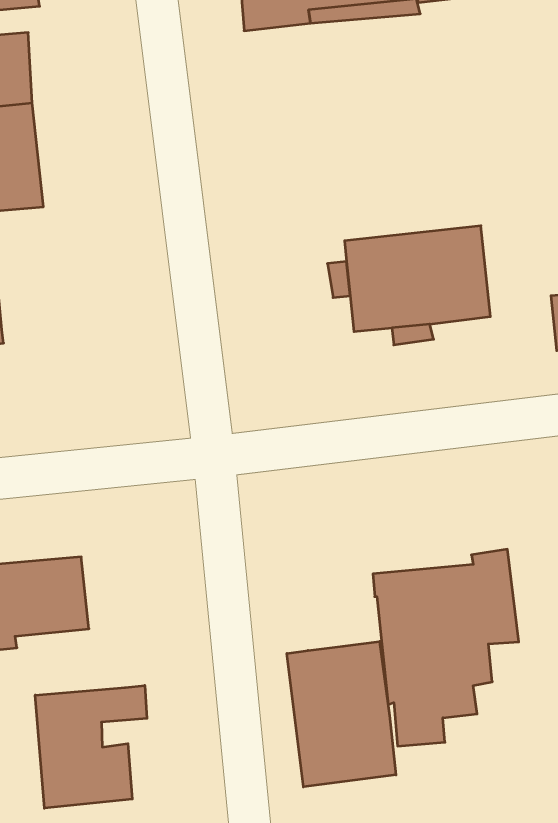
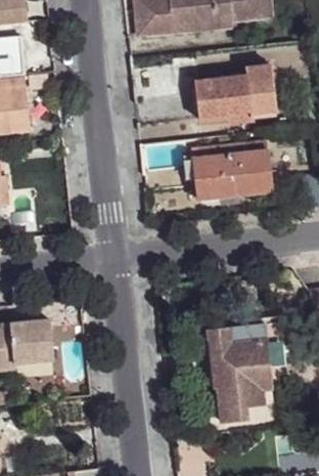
building: none -> [193,62,276,123]
building: [287,641,396,787] -> none
building: [35,685,147,808] -> none

